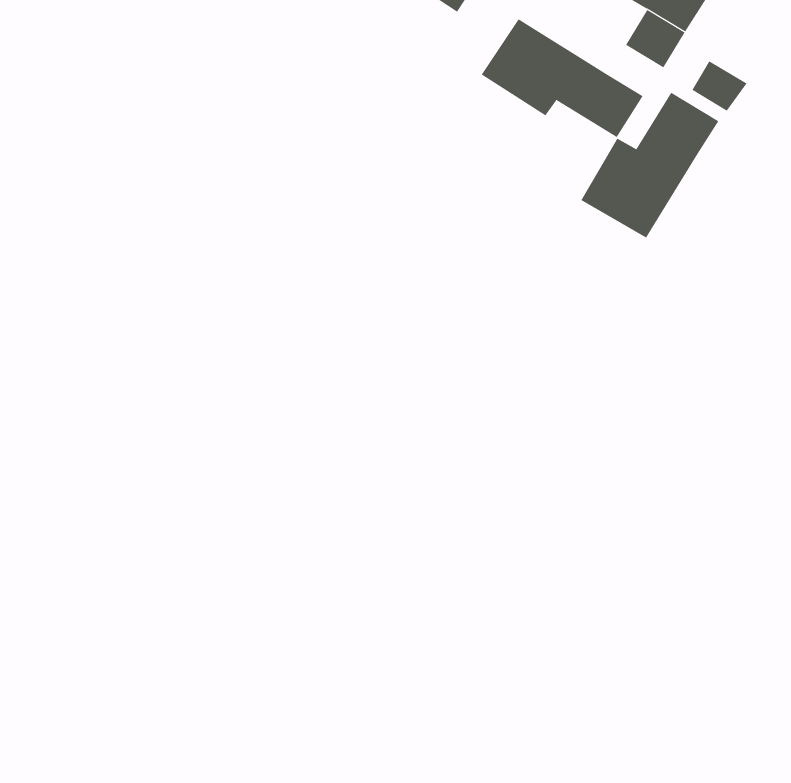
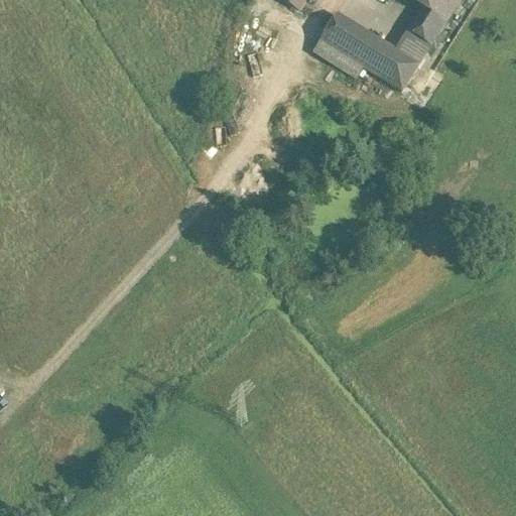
building: [692,60,747,112] -> [395,29,431,62]
building: [581,92,719,239] -> none

